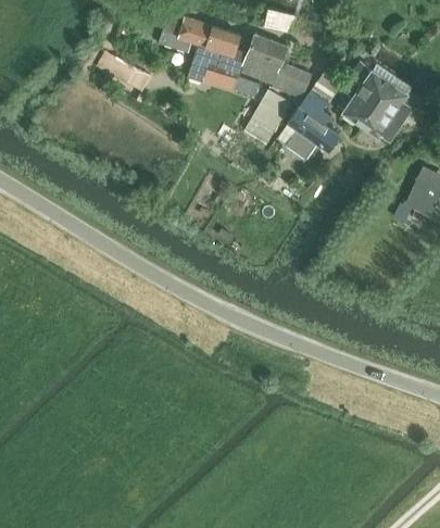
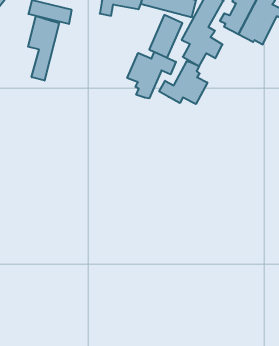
building: none -> [28,16,59,81]
building: none -> [127,52,176,98]
building: none -> [159,61,207,104]

